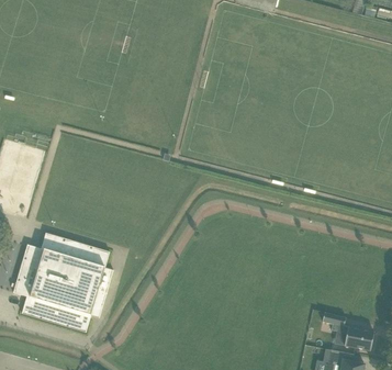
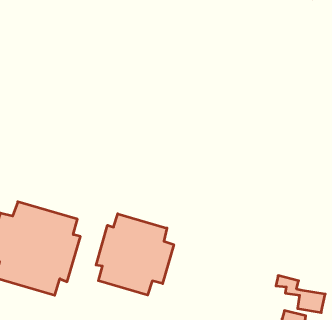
building: none -> [96,214,174,295]

